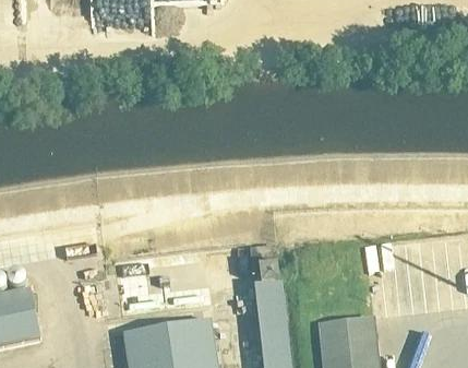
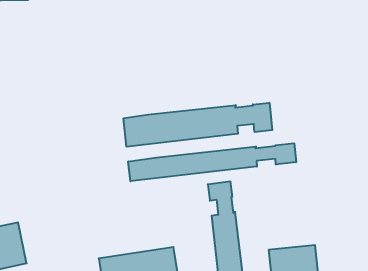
building: none -> [124,103,272,147]
building: none -> [128,143,296,181]

